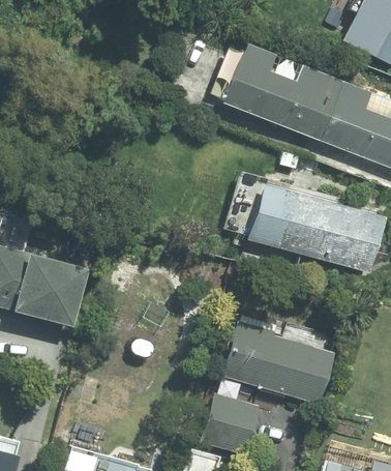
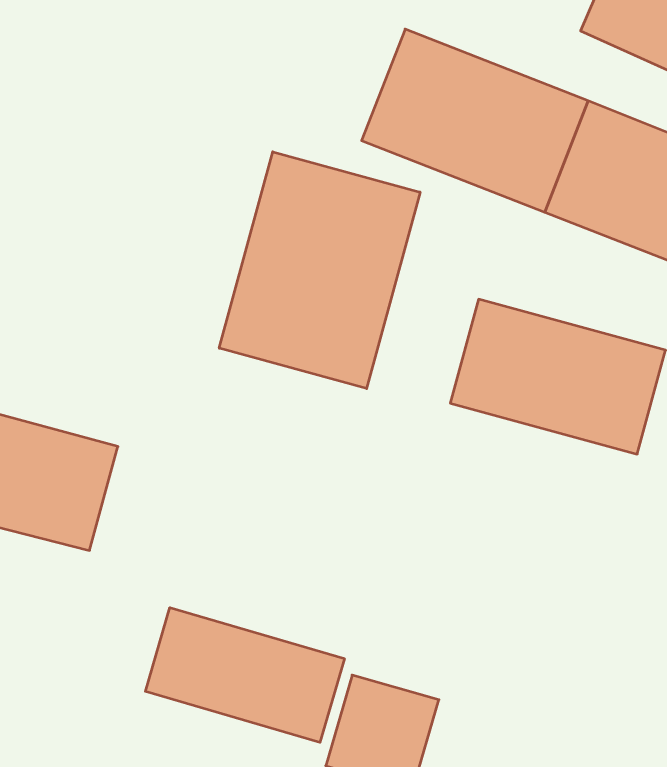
building: none -> [219,152,420,389]
building: [219,320,336,405] -> none
building: none -> [145,608,344,742]

